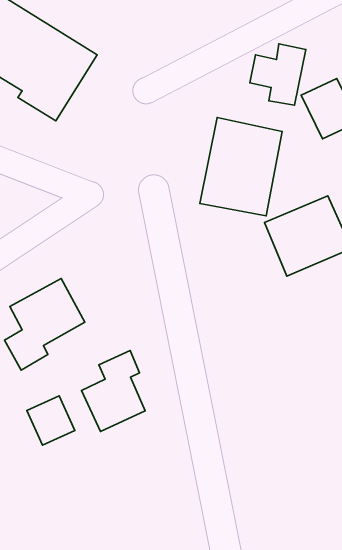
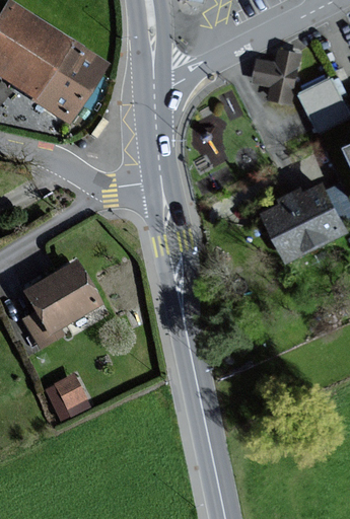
building: [200,118,282,216] -> none
building: [82,351,145,431] -> none

